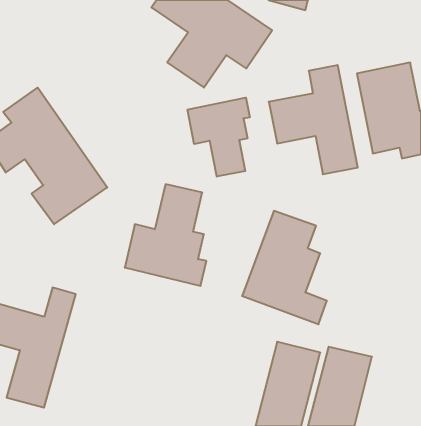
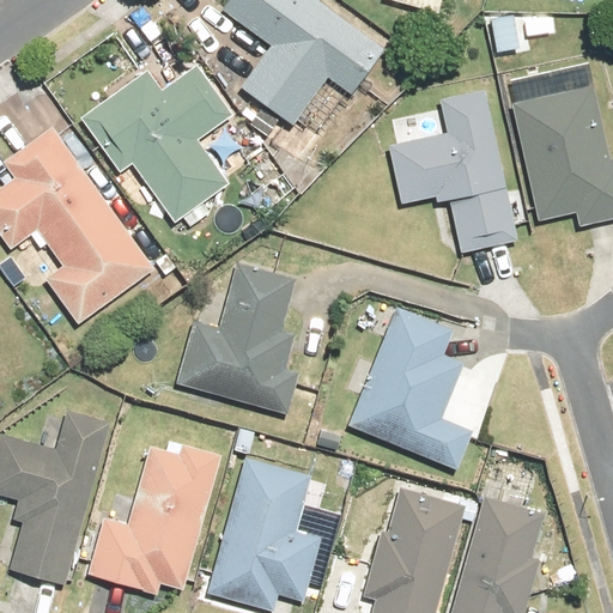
building: none -> [83,62,235,224]
building: [188,98,250,177] -> none
building: none -> [89,441,220,593]
building: none -> [211,462,321,607]

